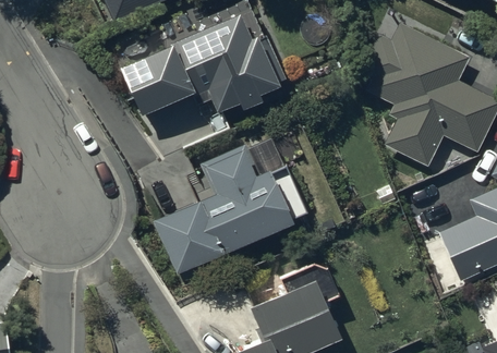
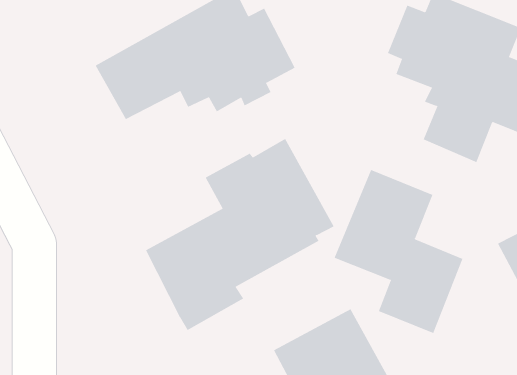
building: none -> [334,169,463,334]

